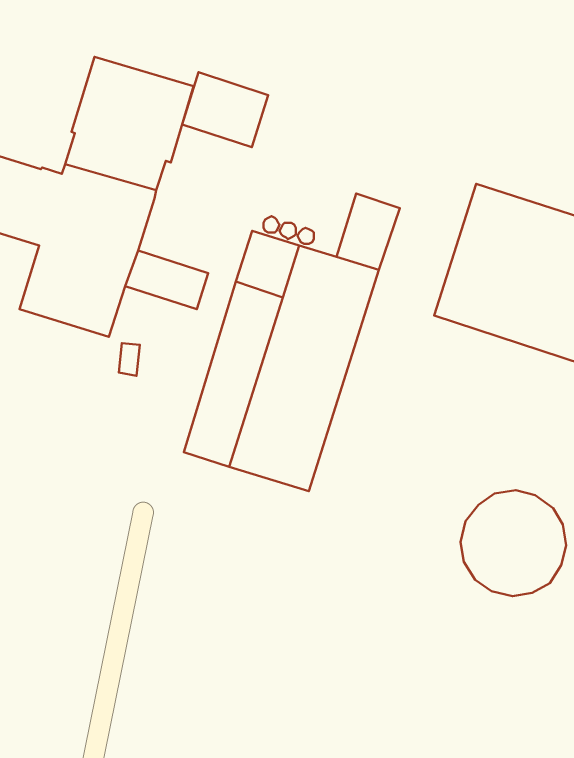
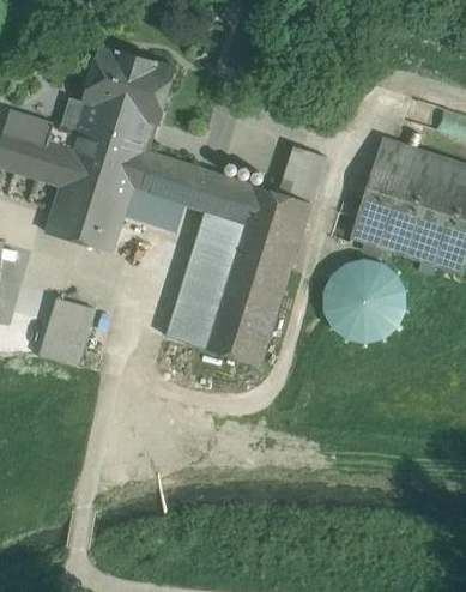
building: [182,72,268,147] -> [134,150,198,205]
building: none -> [38,298,95,364]
building: [460,490,566,596] -> [321,268,399,346]

